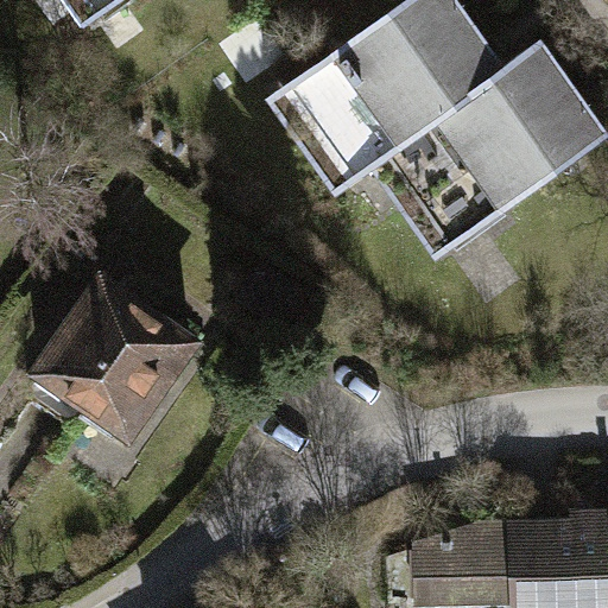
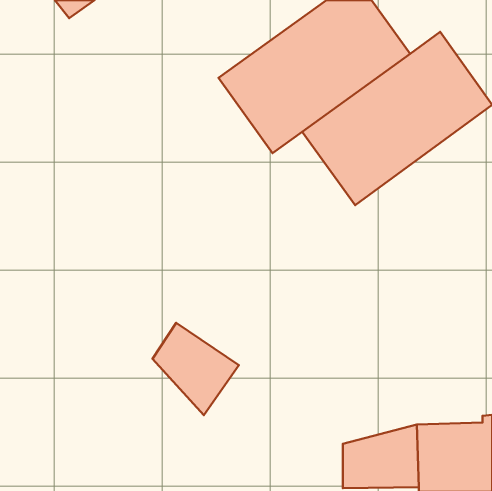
building: [32,279,192,438] -> none
building: none -> [153,323,239,415]

